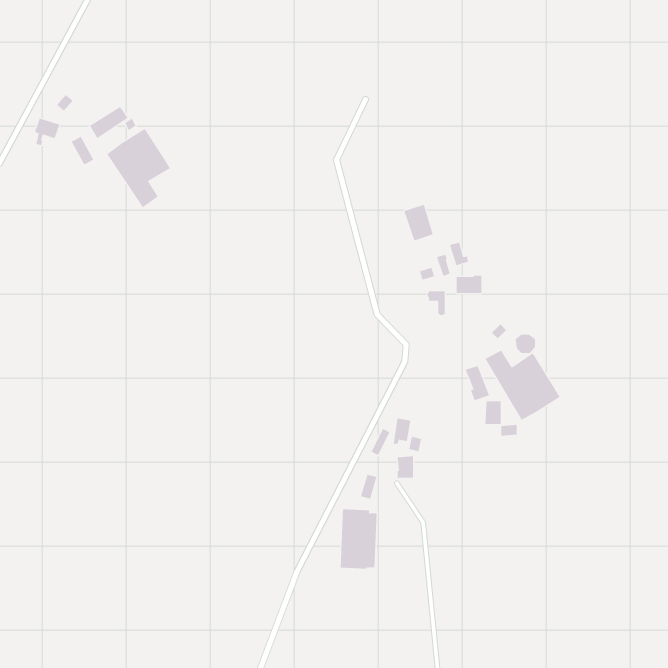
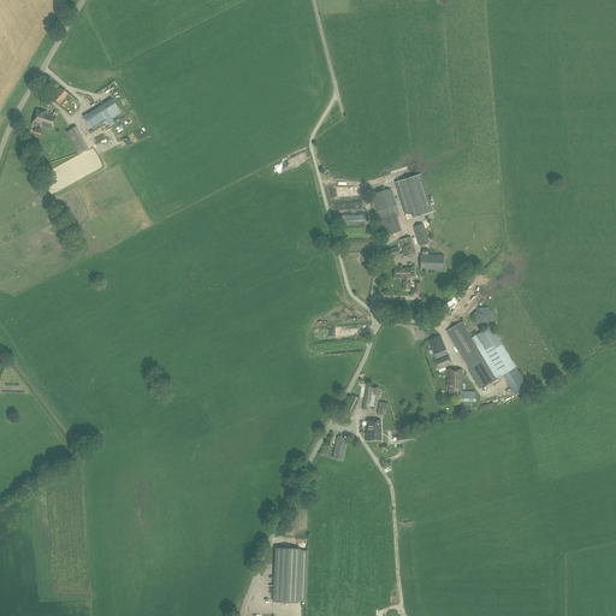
building: [107,128,171,208] -> none
building: none -> [399,173,431,217]
building: [340,509,378,569] -> [272,546,307,602]

